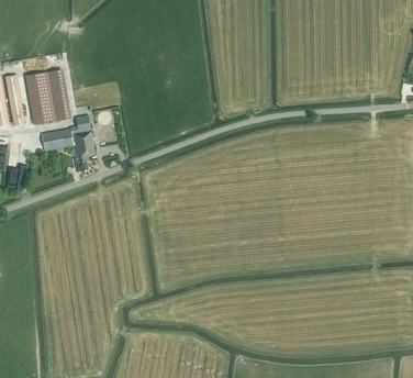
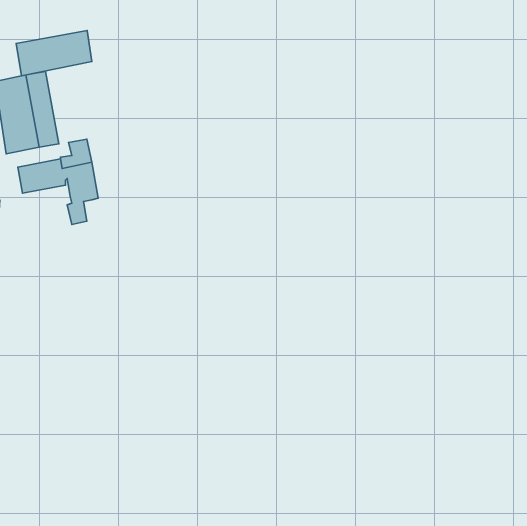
building: none -> [16,31,92,76]

